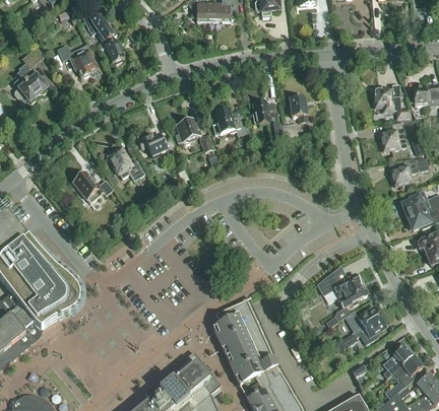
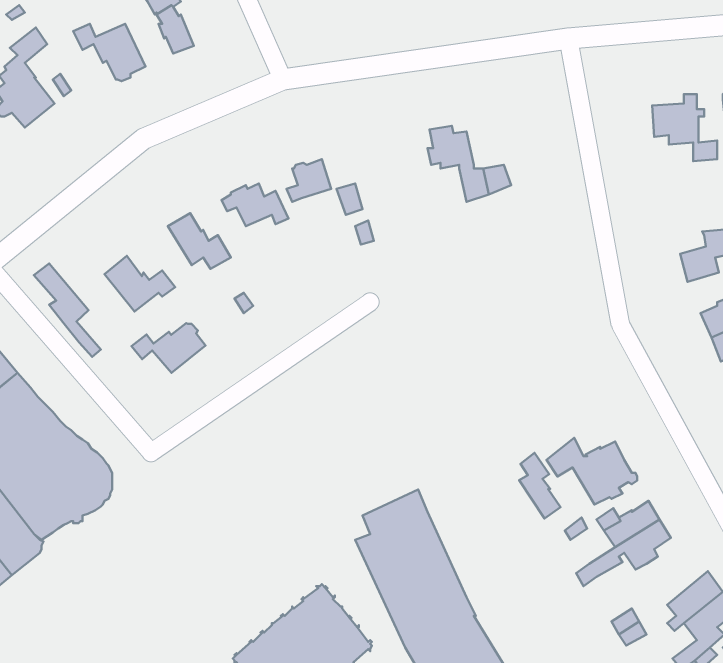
building: [290,95,308,122] -> none
building: [212,110,247,136] -> none
building: [380,123,403,150] -> none
building: none -> [34,263,101,357]
building: none -> [131,323,205,373]
building: none -> [519,453,560,519]

